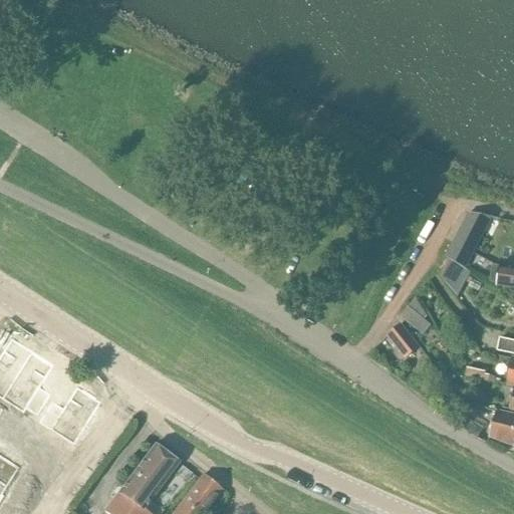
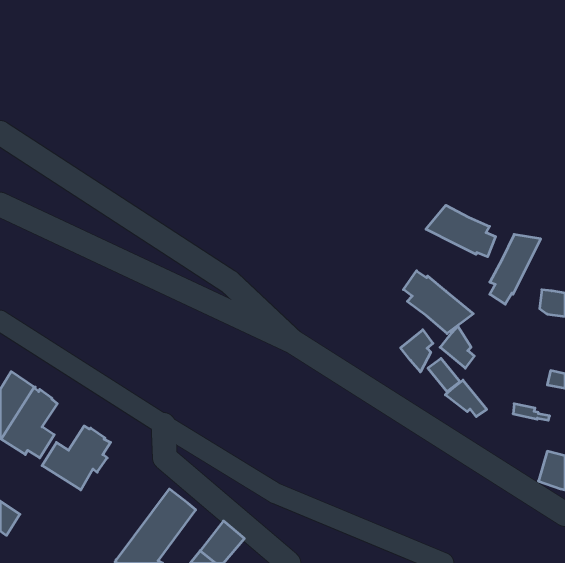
building: none -> [426,205,496,257]
building: none -> [403,271,473,334]
building: none -> [401,330,433,372]
building: none -> [445,380,487,417]

